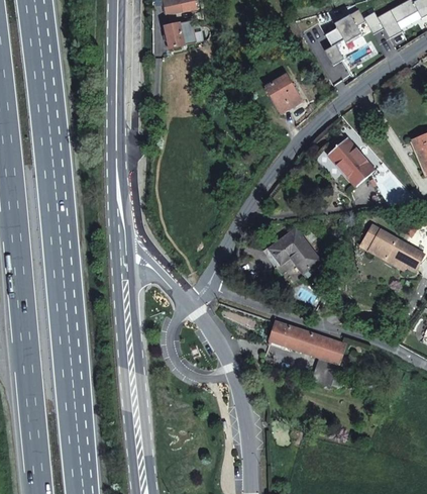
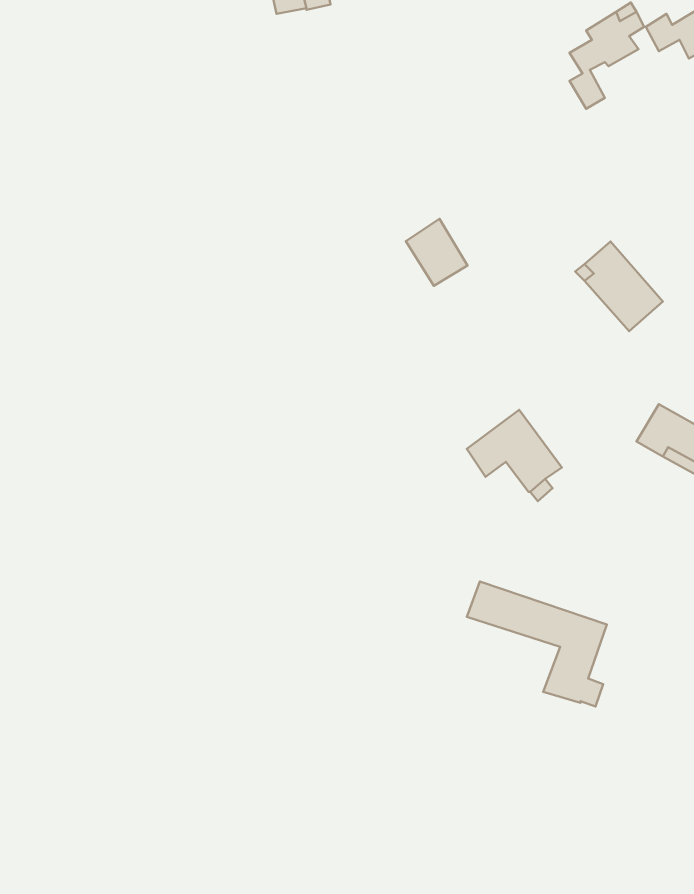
building: [164,19,195,46] -> none
building: [266,75,300,111] -> [406,219,468,286]

